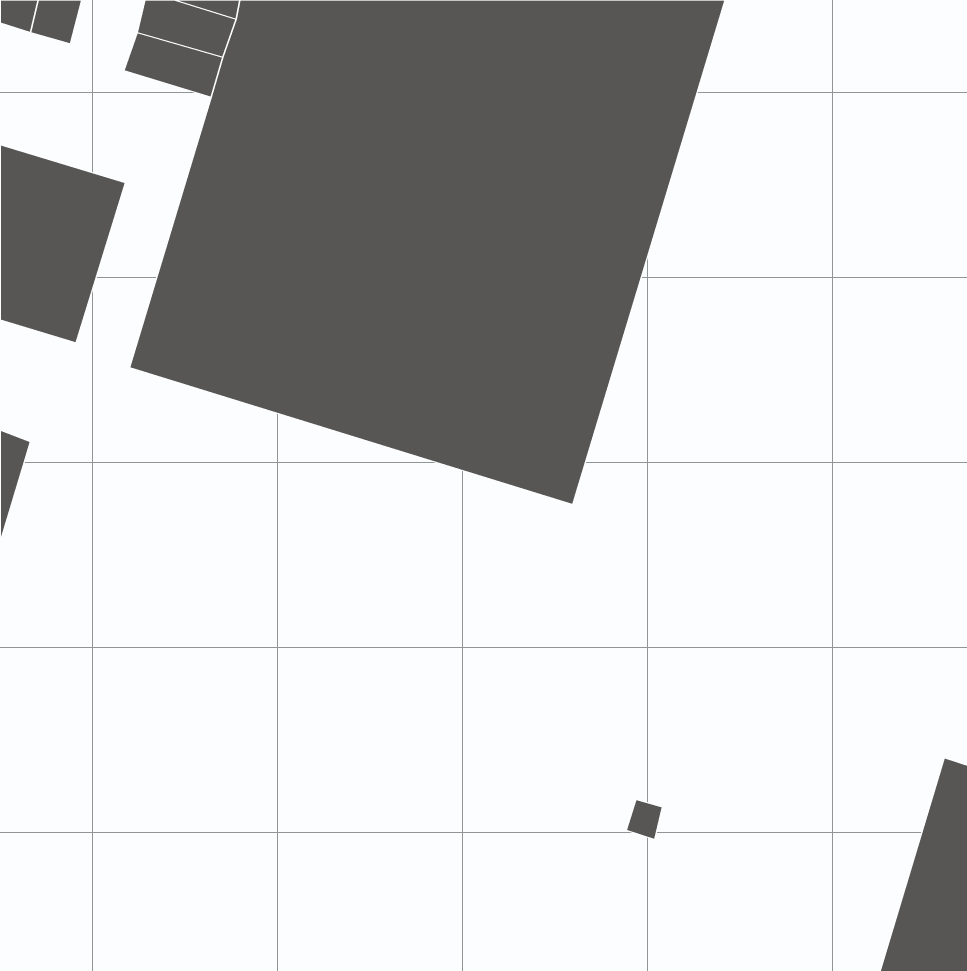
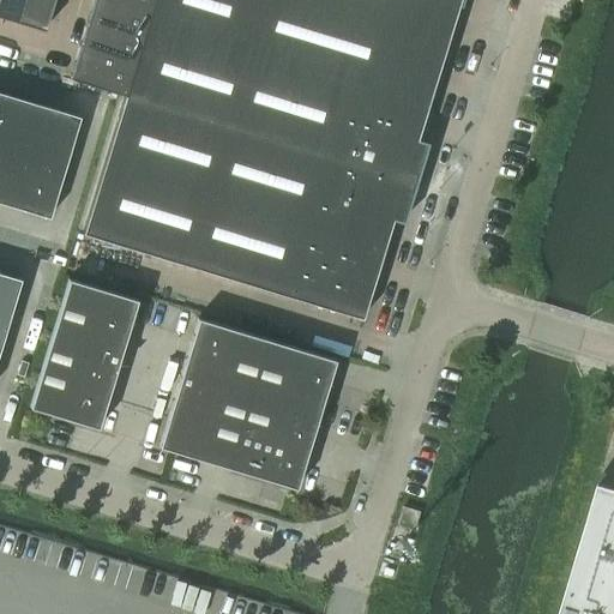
building: none -> [72,46,137,94]
building: none -> [31,278,139,428]
building: none -> [161,318,337,488]

